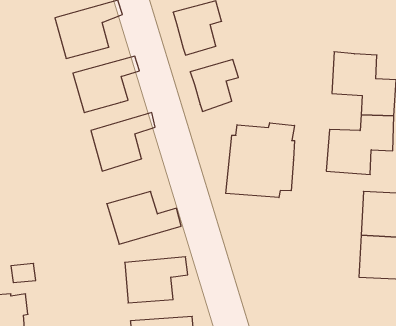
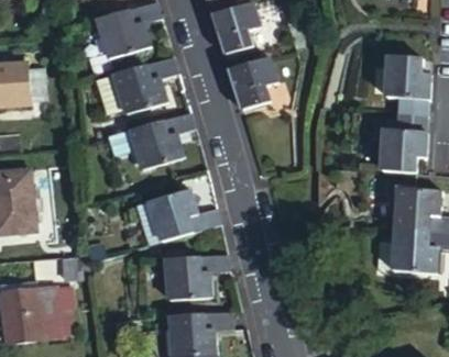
building: [226,123,295,198] -> none

